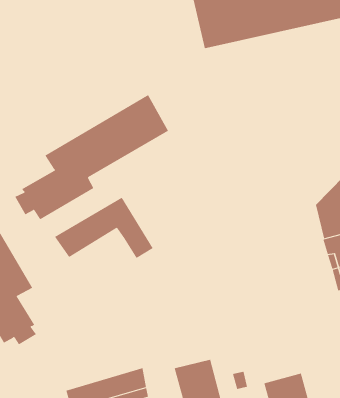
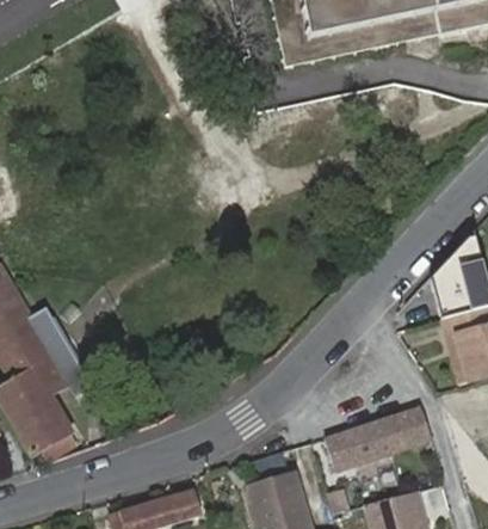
building: [14,94,169,220] -> none
building: [54,197,153,259] -> none
building: none -> [323,405,432,468]

